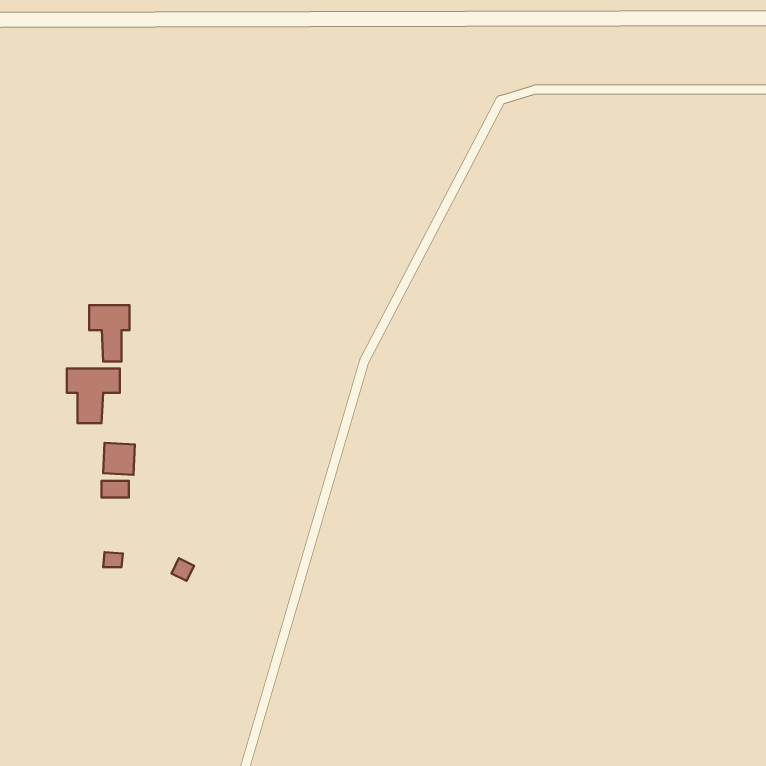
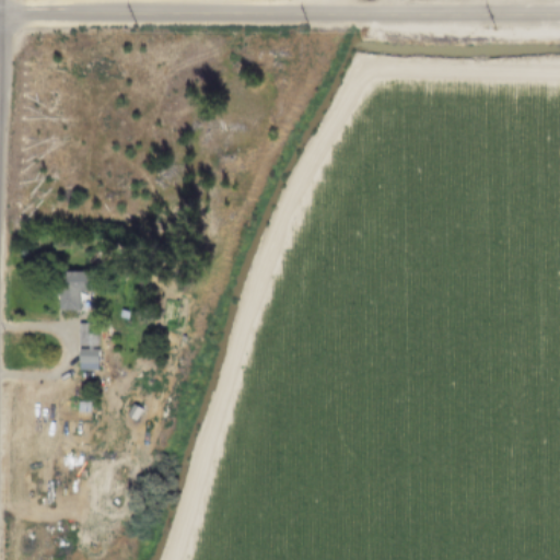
building: [89,305,130,362] -> none

